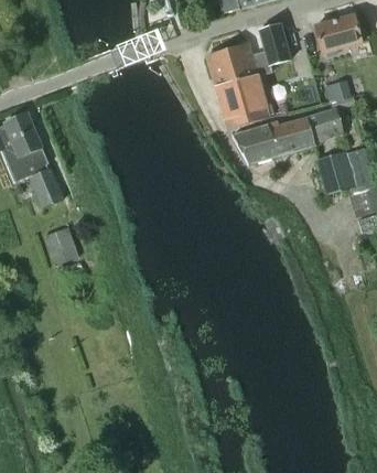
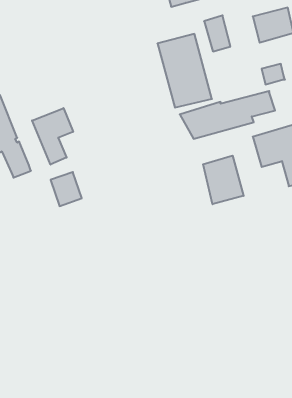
building: none -> [32,108,73,165]
building: none -> [203,156,244,204]
building: [44,225,79,264] -> [51,172,82,206]

